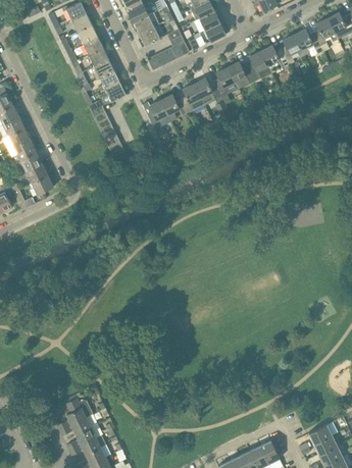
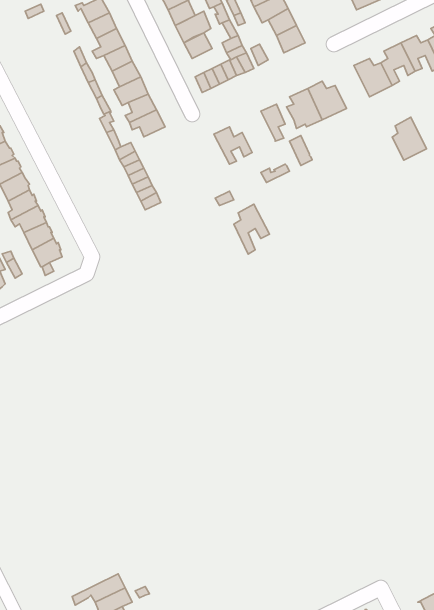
building: [247,50,271,81] -> [392,117,427,160]
building: [181,83,204,112] -> none
building: [146,99,171,135] -> [234,204,270,254]
building: [56,398,92,429] -> none

